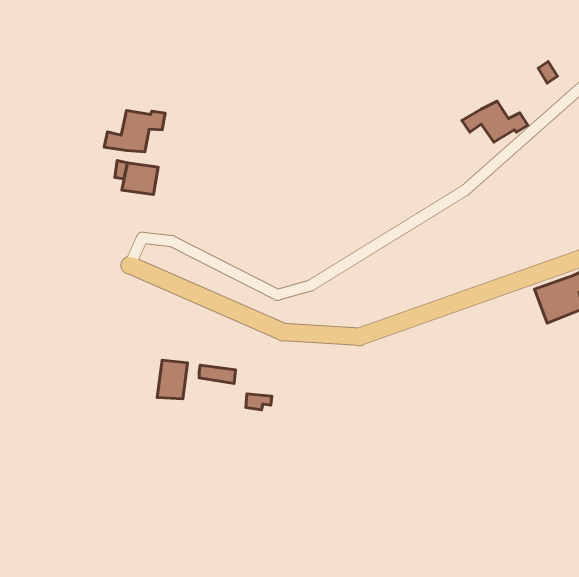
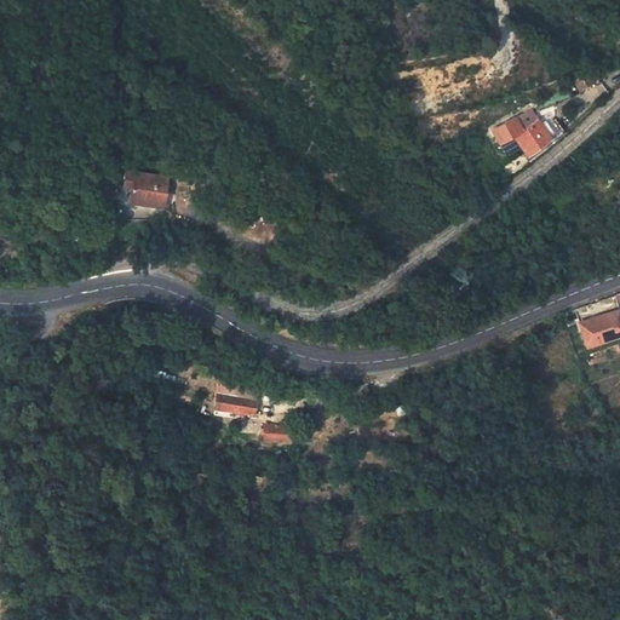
building: [104,111,165,152] -> none
building: [157,360,187,399] -> none

